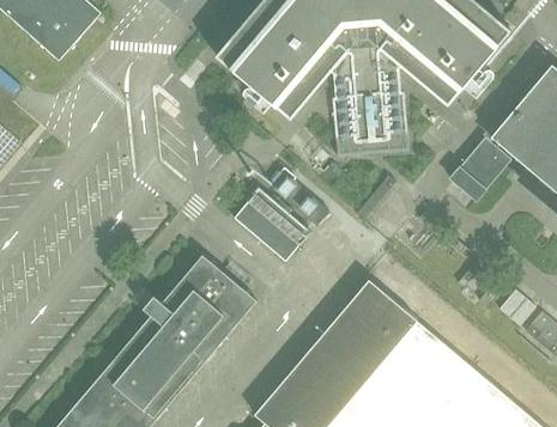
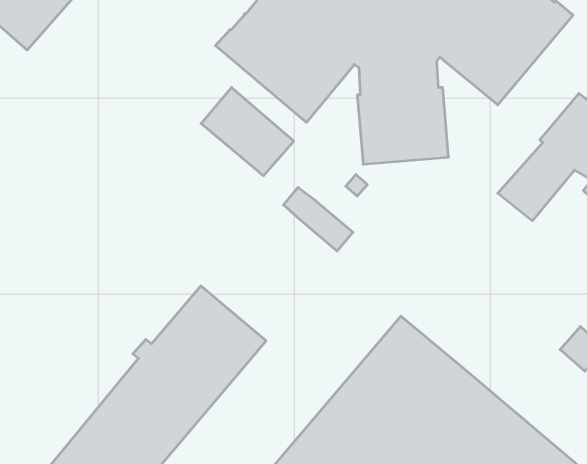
building: [235,188,311,261] -> [201,87,294,176]

